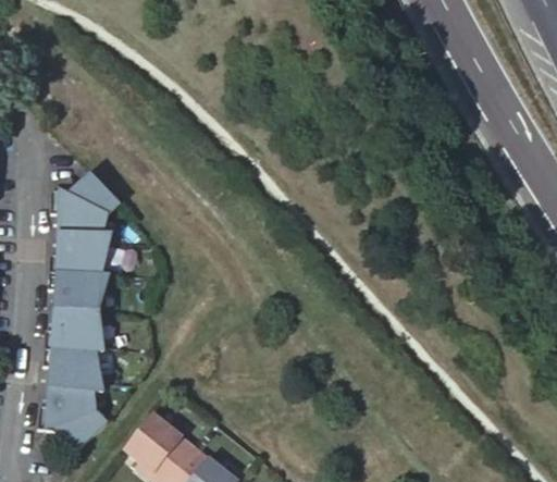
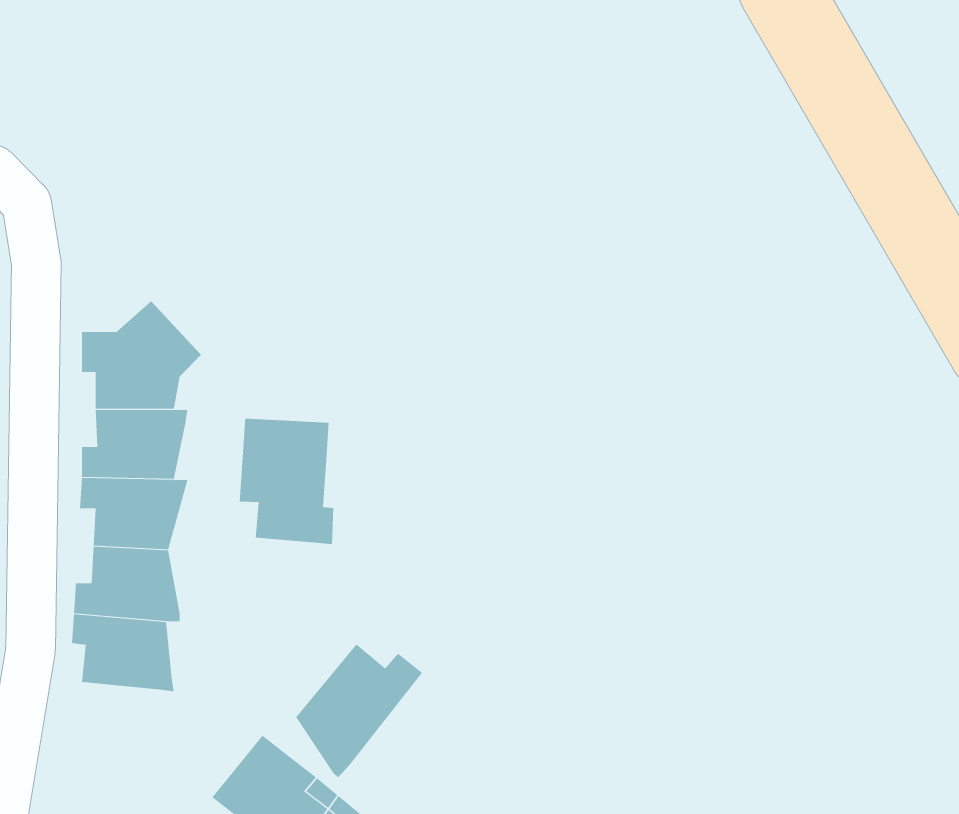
building: none -> [239,418,334,545]
building: none -> [295,644,423,778]
building: [38,384,109,448] -> none

